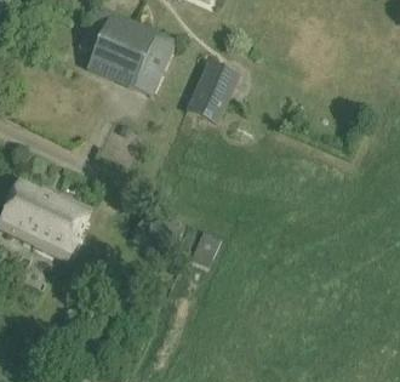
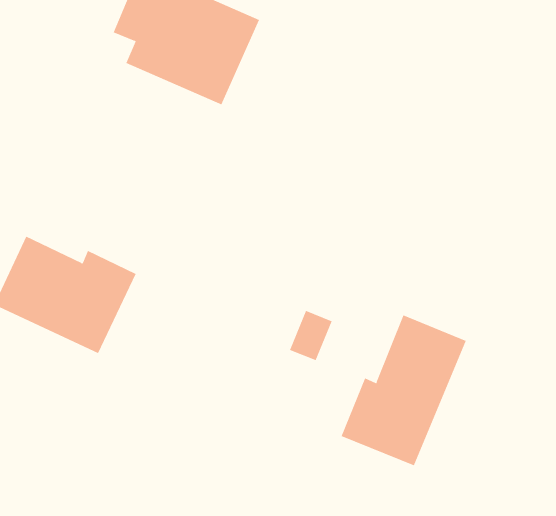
building: [184,61,239,124] -> none
building: none -> [341,315,467,466]

